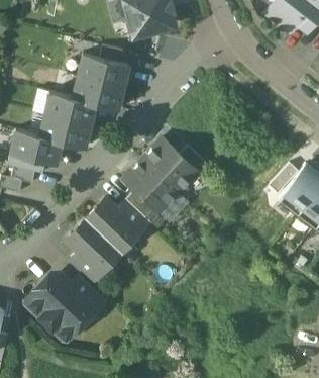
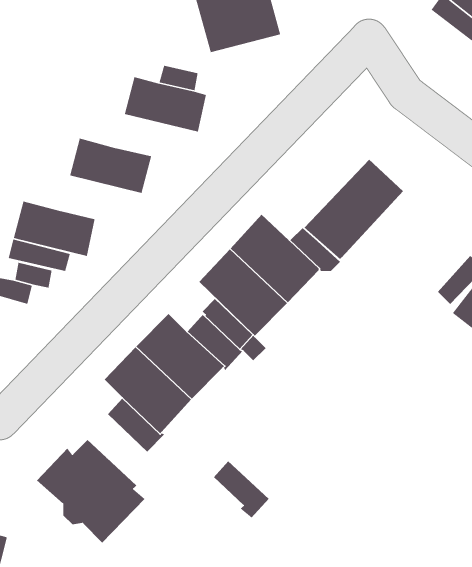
building: [74,77,124,108] -> none
building: none -> [304,159,404,260]
building: [40,114,90,147] -> none
building: [69,276,103,311] -> [213,461,270,519]

